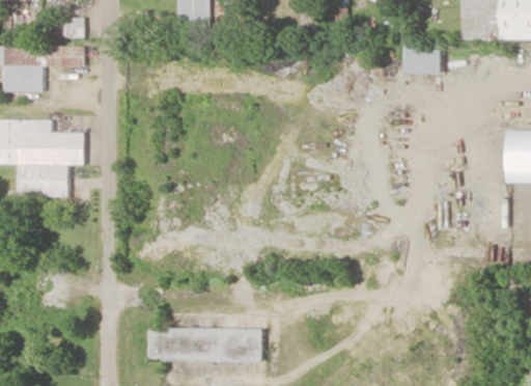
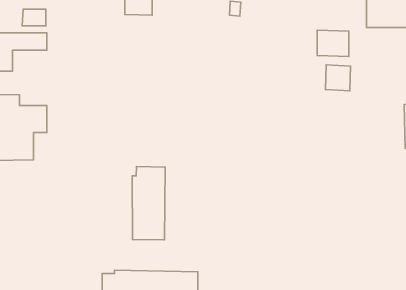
building: none -> [325,65,351,91]
building: none -> [132,167,165,240]

